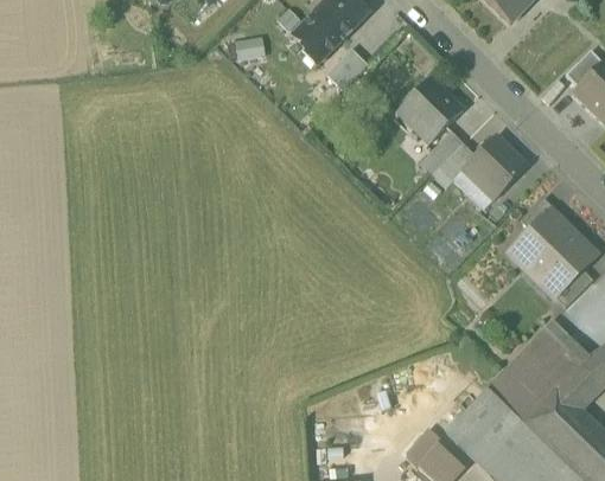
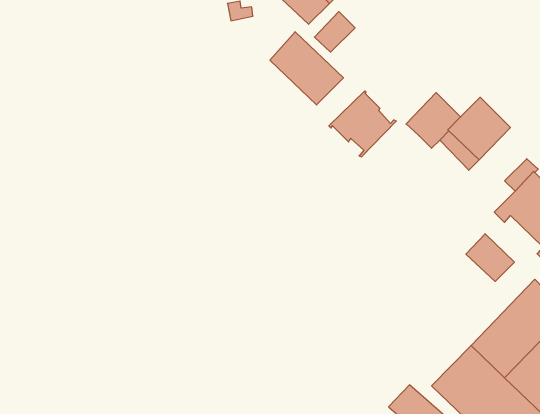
building: none -> [270,32,343,105]
building: [395,78,464,146] -> [329,91,396,157]
building: none -> [466,234,514,281]

